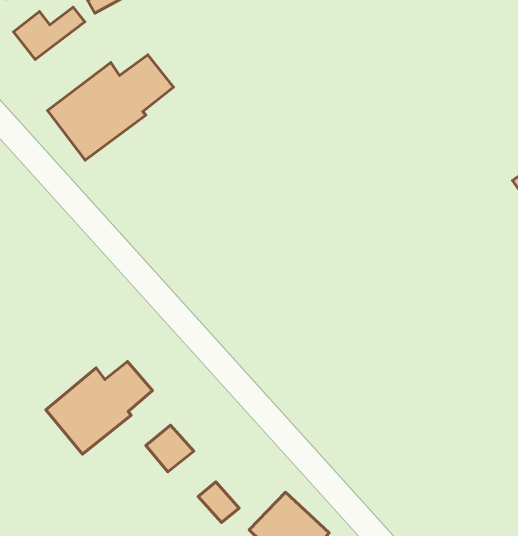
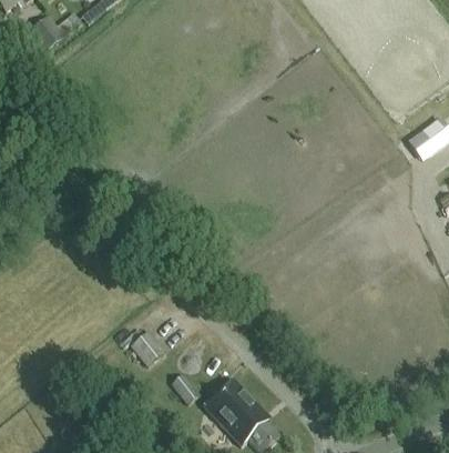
building: [48,55,174,160] -> none
building: [46,361,153,454] -> none

